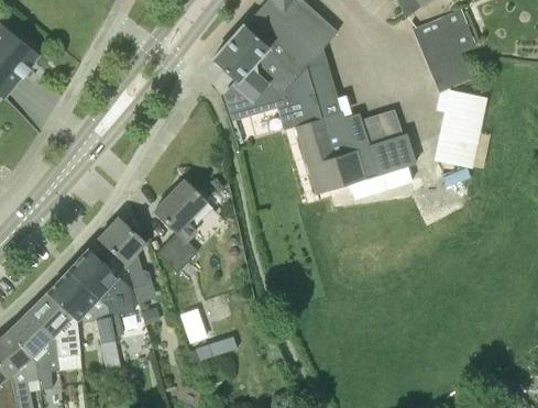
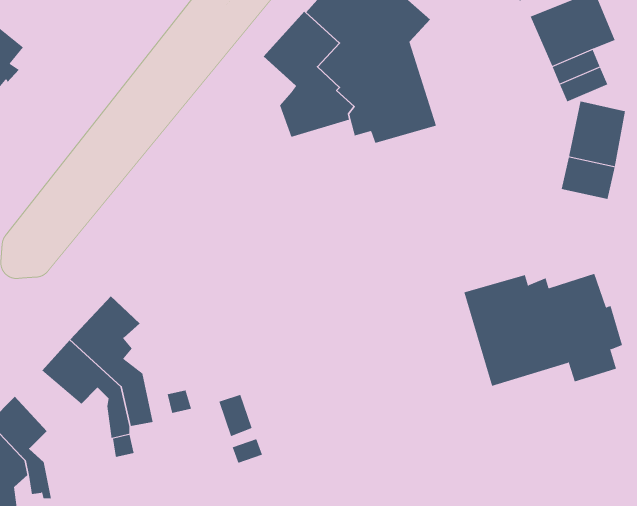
building: [296,110,415,195] -> [463,273,623,387]
building: [154,180,206,256] -> none
building: [99,218,146,289] -> none
building: [28,294,79,357] -> none

